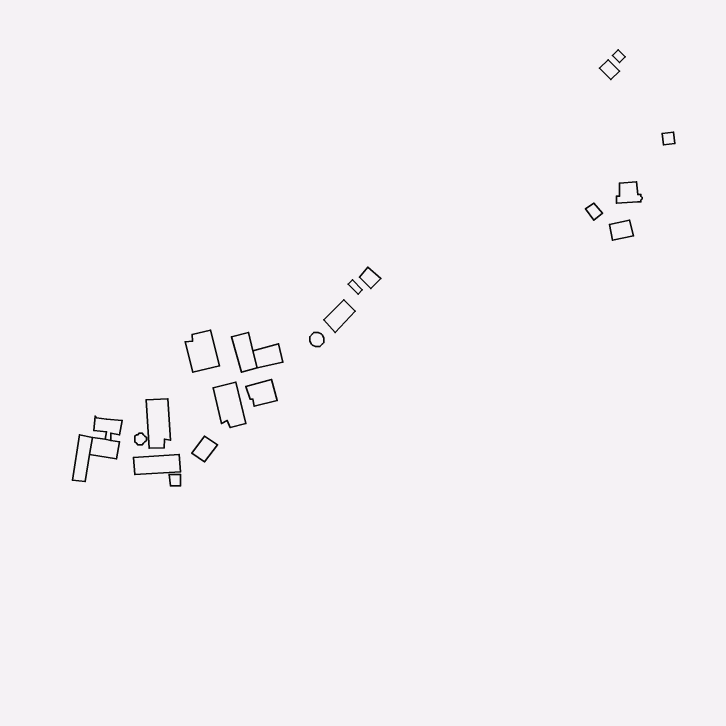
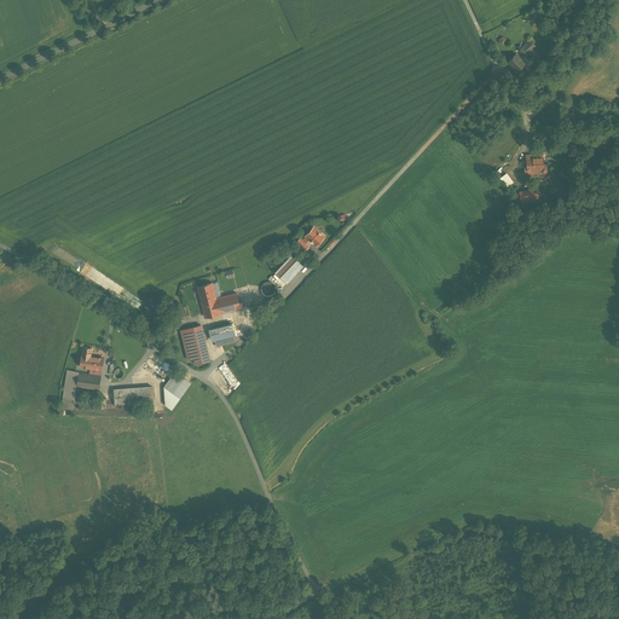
building: [185,330,220,372] -> none
building: [146,399,170,448] -> none

